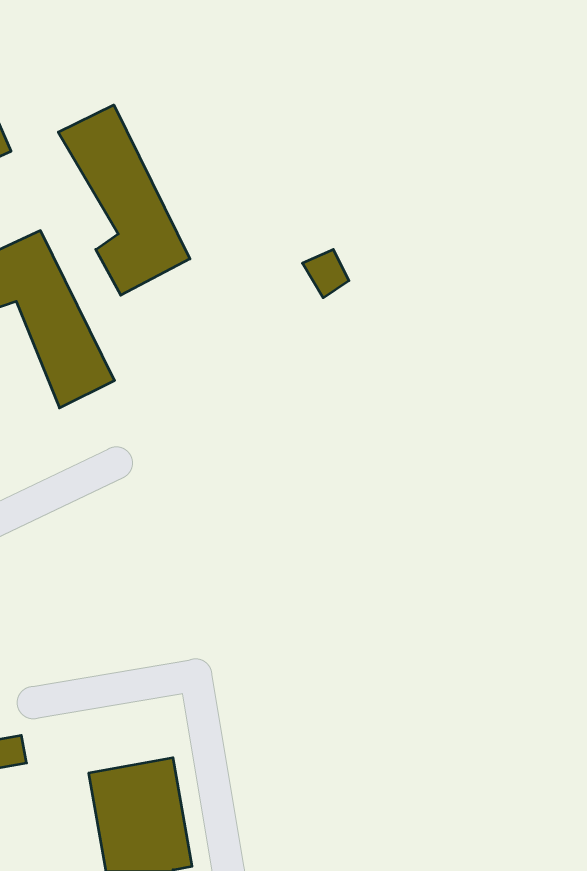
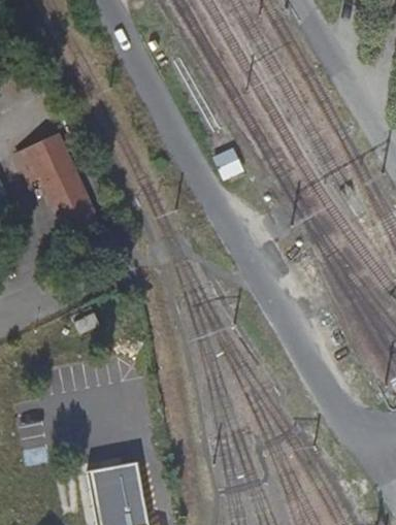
building: [58,105,190,295] -> none

